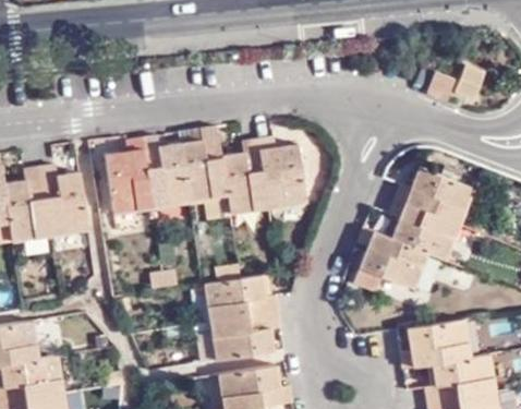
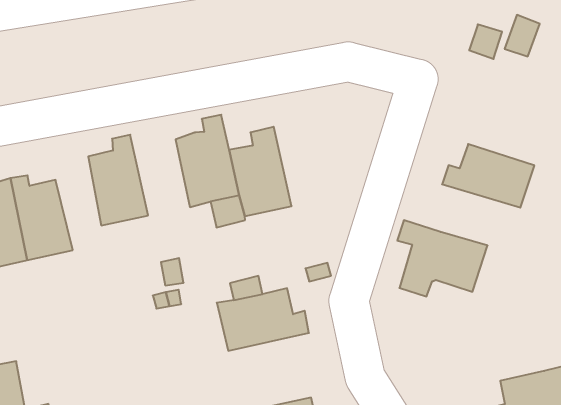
building: [144,136,189,207] -> none
building: [263,140,307,208] -> none
building: [390,200,461,260] -> none
building: [211,314,281,362] -> none
building: [401,317,471,370] -> none

